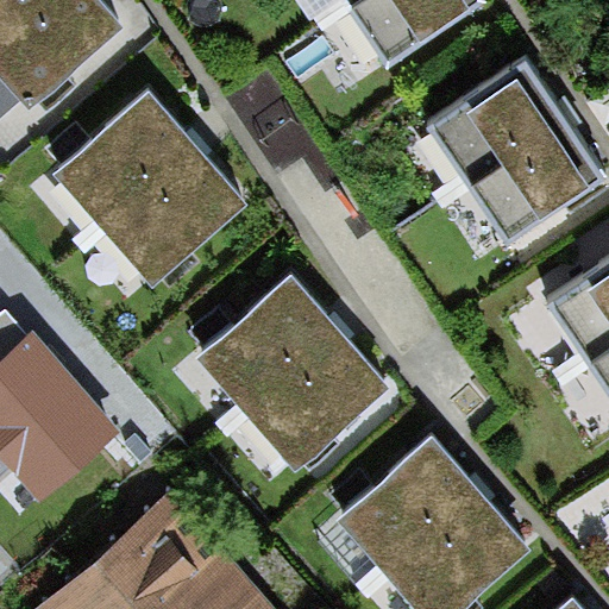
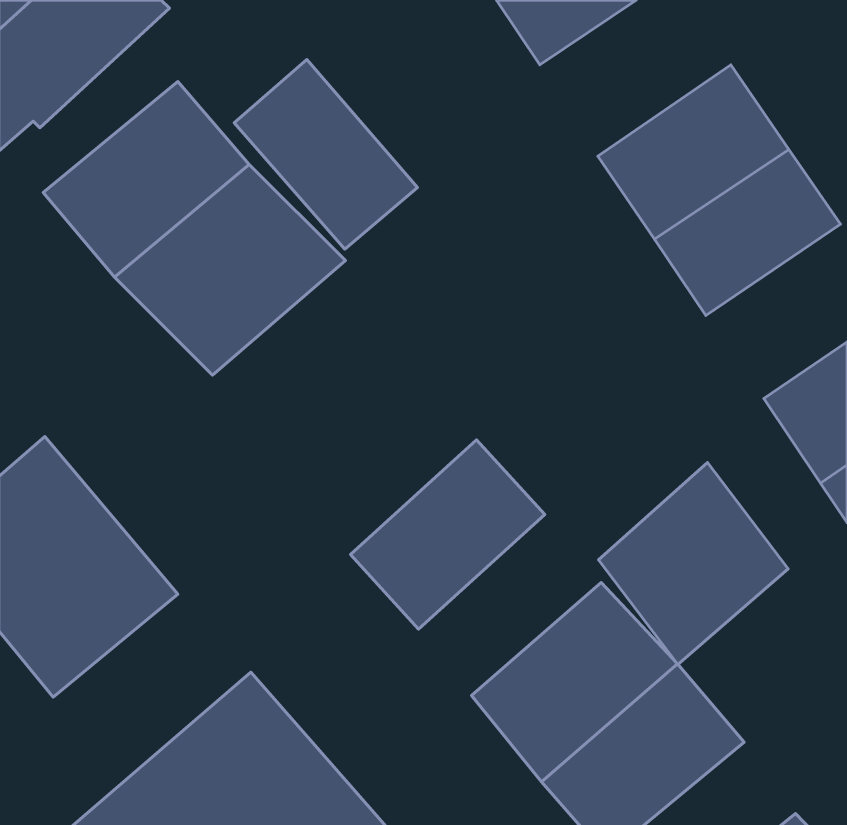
building: none -> [234,60,417,249]
building: [199,276,341,414] -> none
building: none -> [598,463,788,664]

